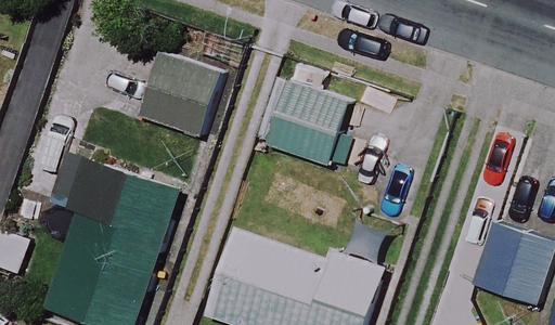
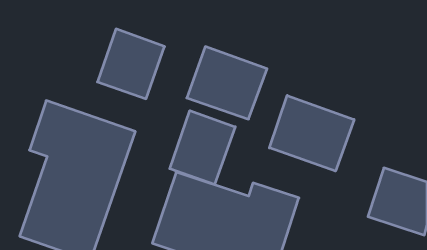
building: none -> [269,95,354,171]
building: none -> [170,111,235,184]

